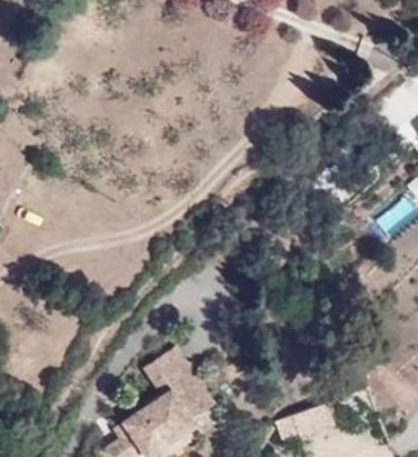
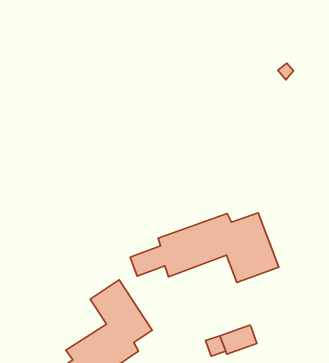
building: none -> [130,213,279,282]

